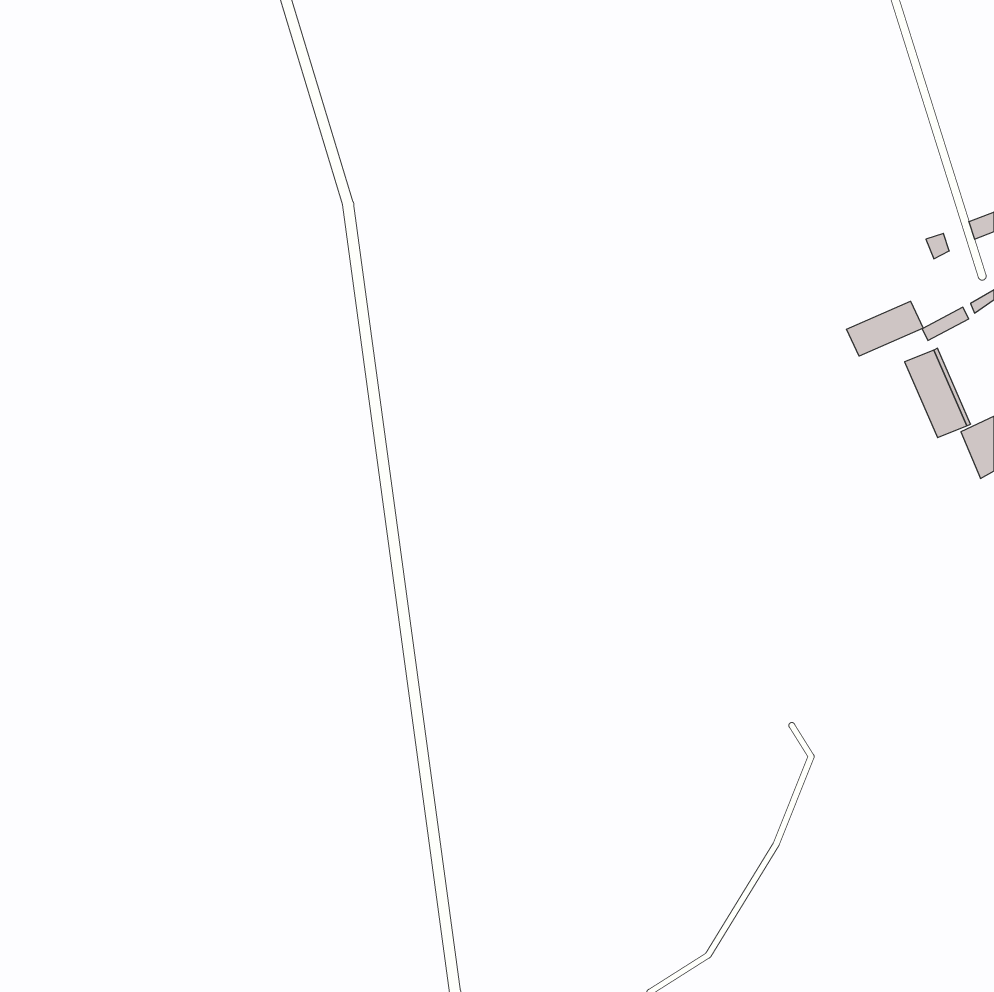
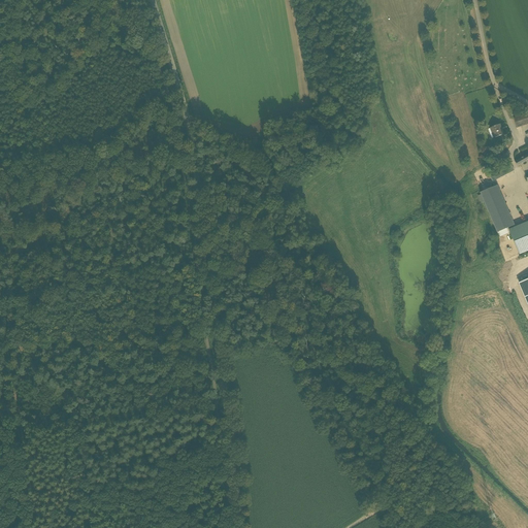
building: [846,301,923,356] -> none

